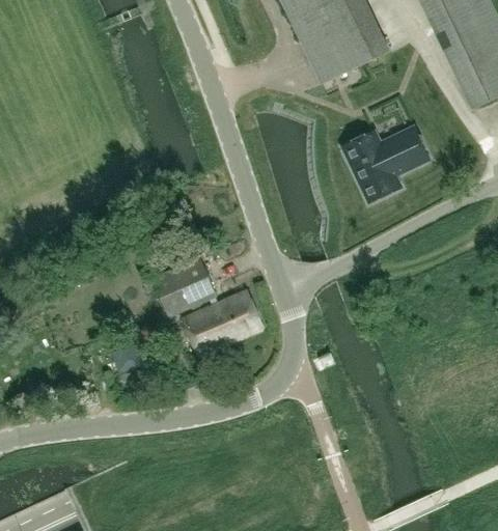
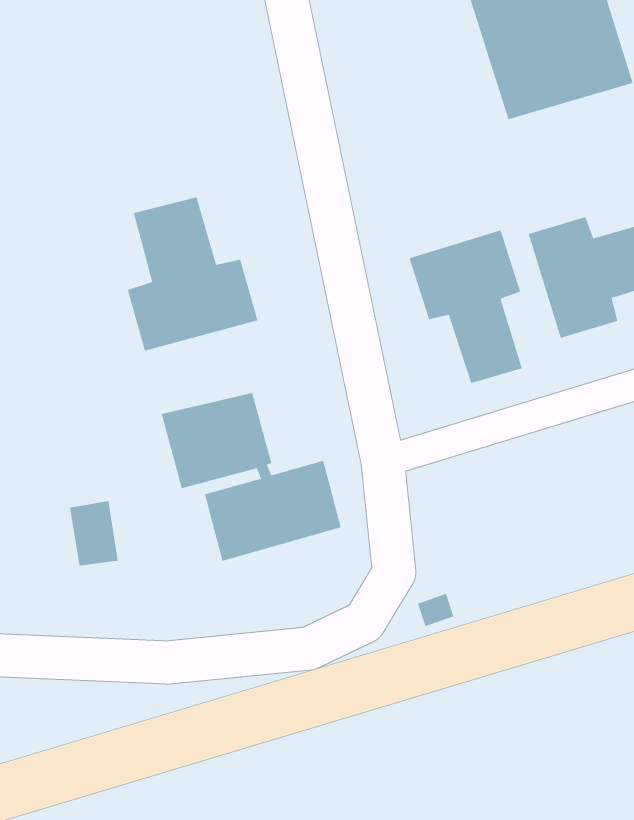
building: none -> [409,229,523,384]
building: none -> [127,196,258,351]

